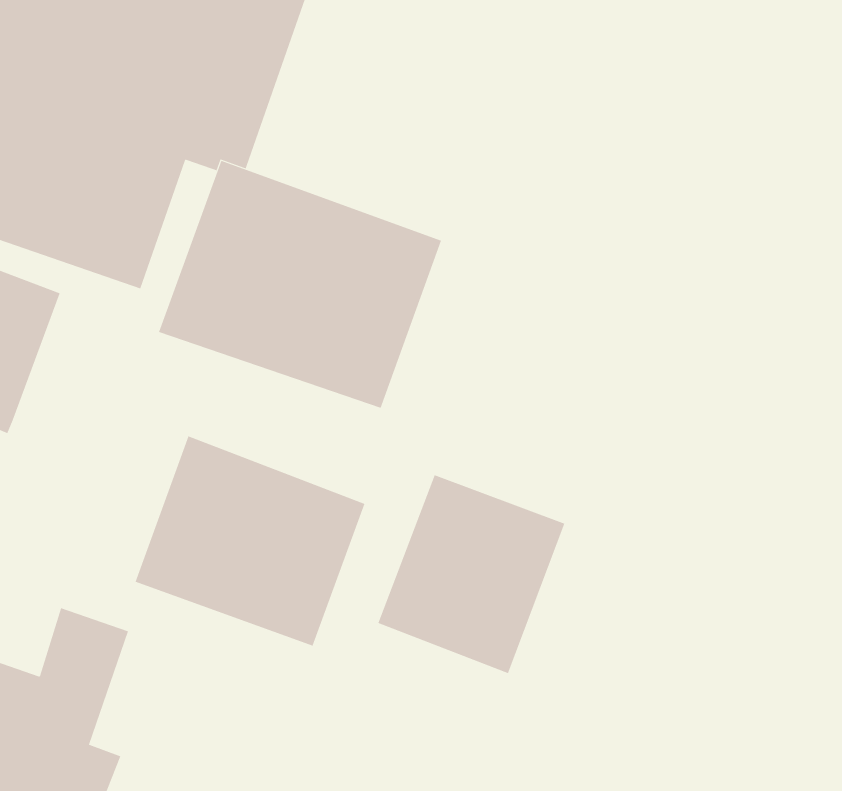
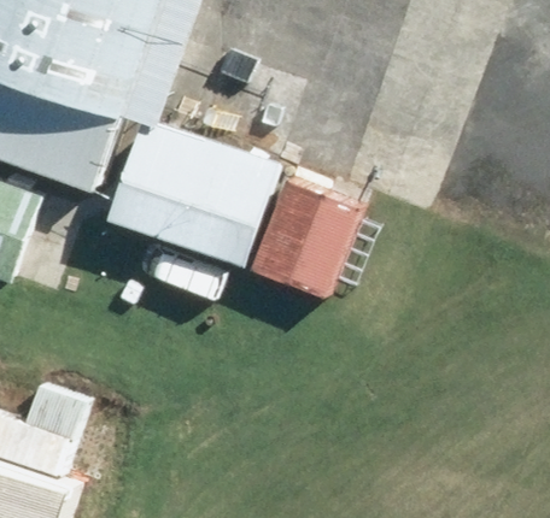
building: [135,435,365,647] -> none
building: [378,475,565,674] -> [250,176,365,299]

